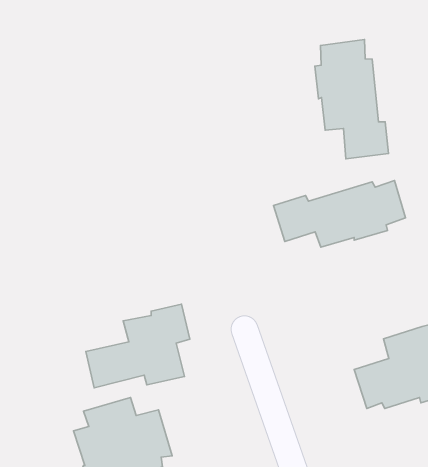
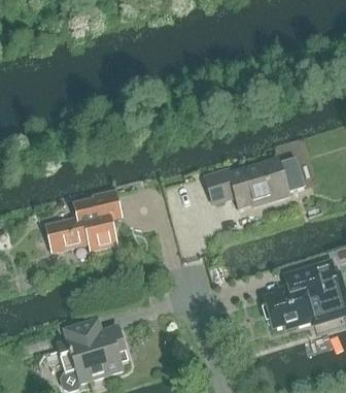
building: [315,39,388,159] -> none
building: [86,304,190,388] -> [44,189,122,251]

